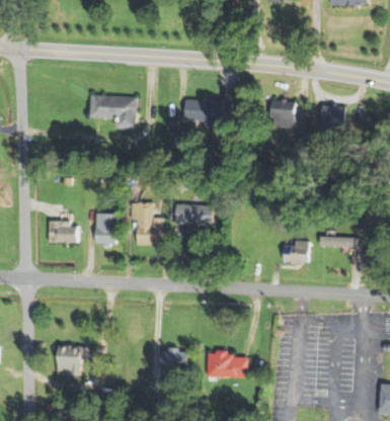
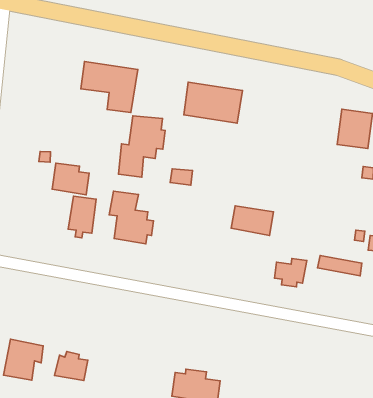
building: [261,99,296,128] -> none
building: none -> [119,116,165,177]
building: [177,202,213,225] -> [231,206,274,236]
building: [48,220,78,244] -> [52,163,89,195]
building: [160,346,187,369] -> [54,352,88,380]

